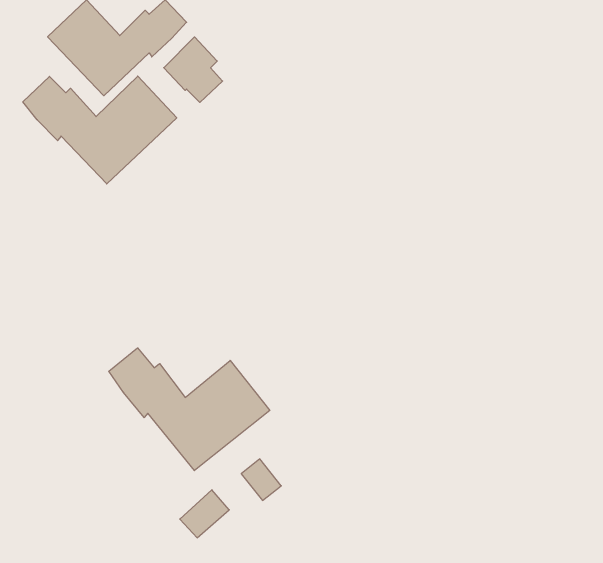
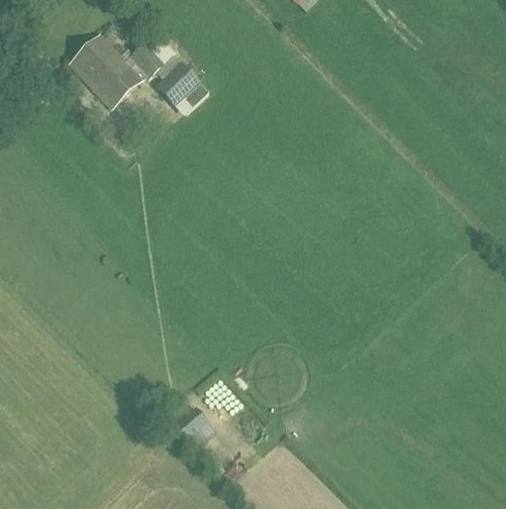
building: [23,76,177,184] -> none
building: [109,348,270,471] -> none

